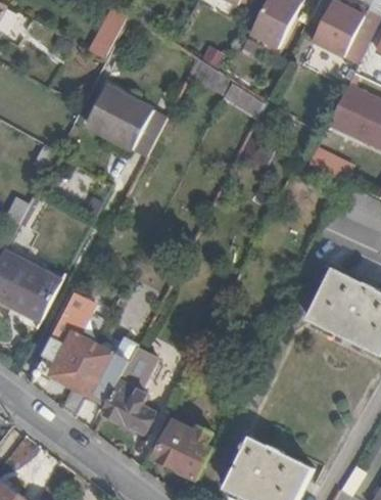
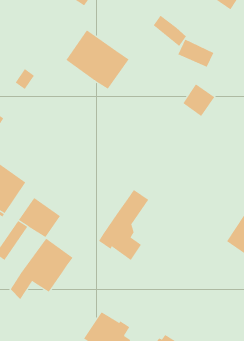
building: [49,330,94,385] -> none
building: [102,348,156,433] -> [98,189,149,261]

